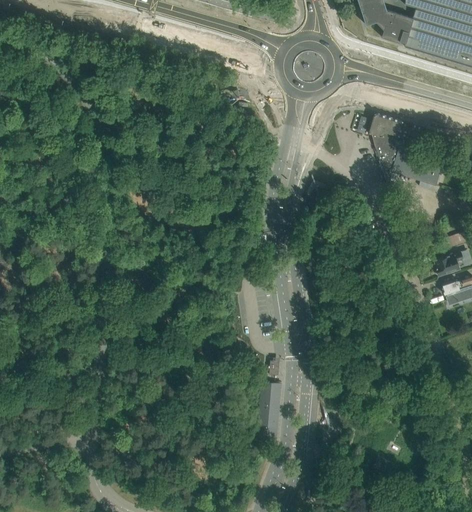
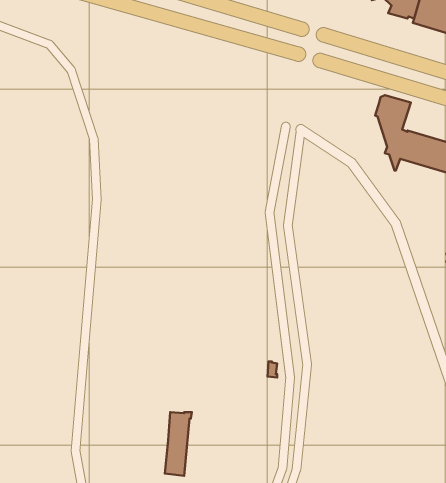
building: [258,382,283,441] -> [165,412,192,476]

